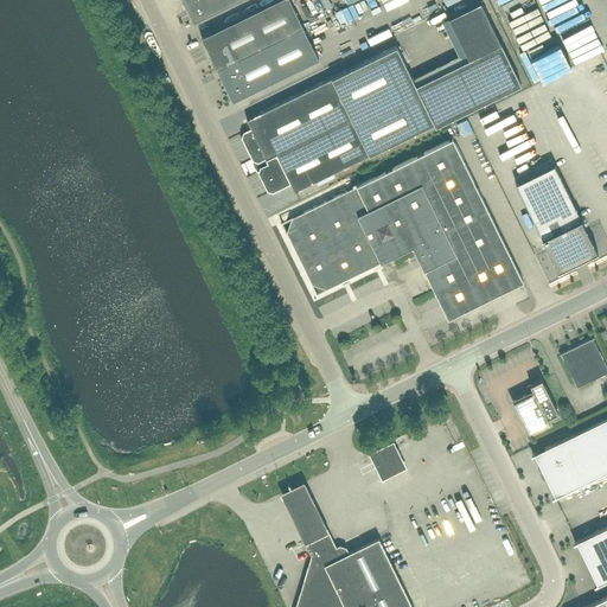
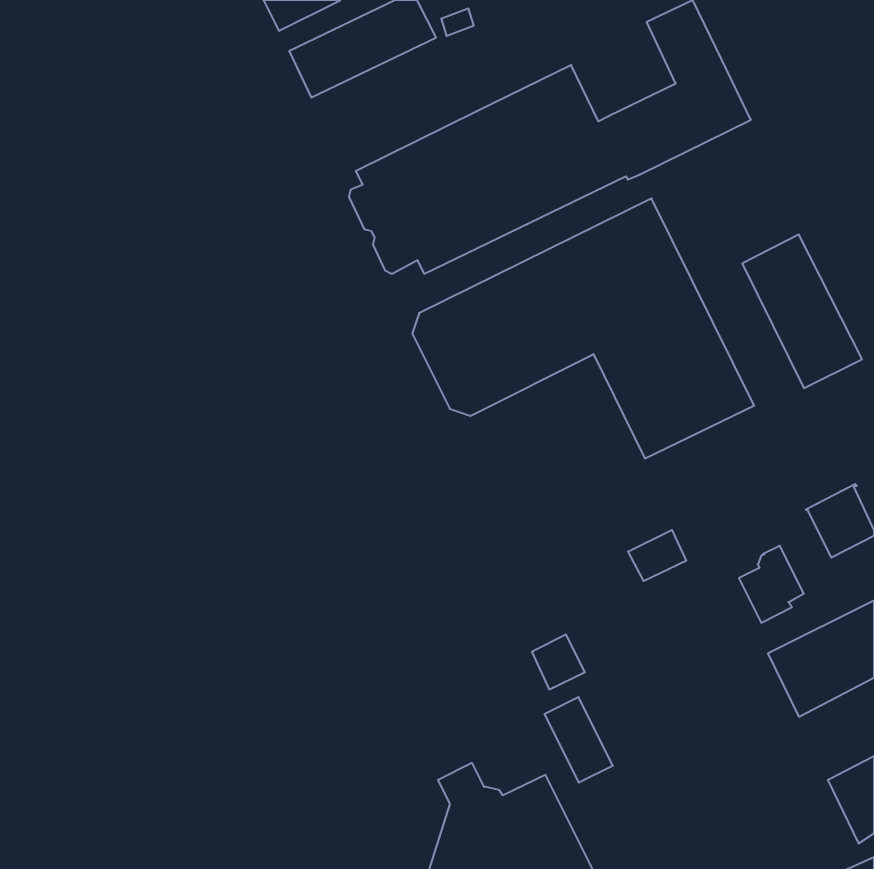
building: [216,30,318,103] -> none
building: none -> [628,530,686,581]
building: [280,485,327,544] -> [544,697,613,783]

